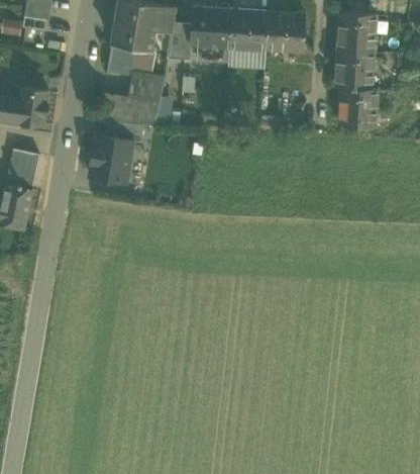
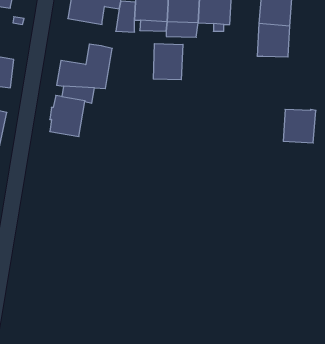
building: [107,41,156,74] -> none
building: none -> [153,44,183,80]
building: [339,86,378,125] -> [283,109,316,143]

